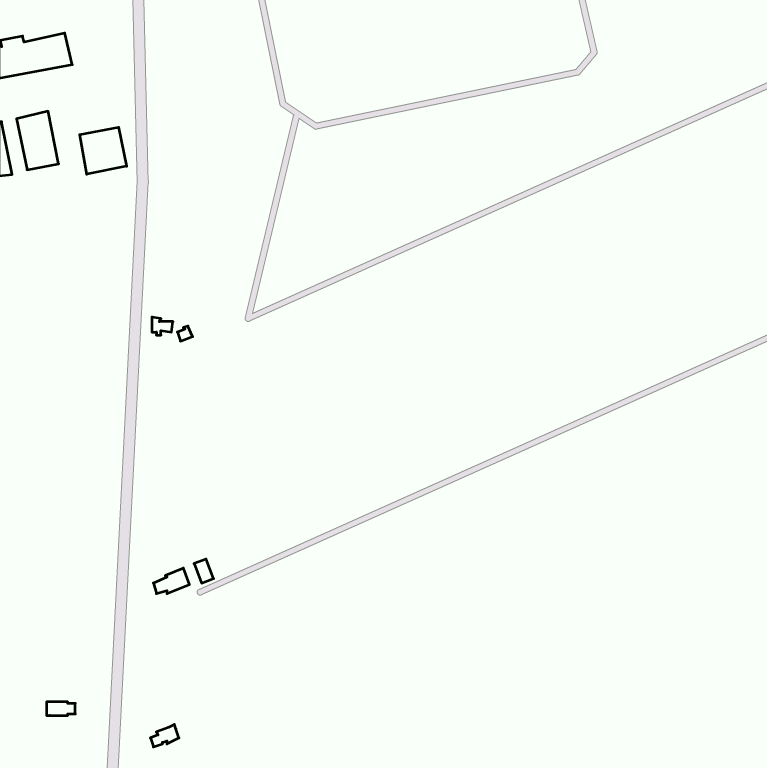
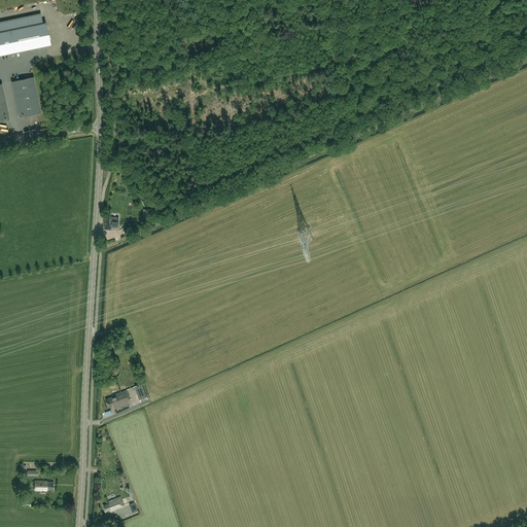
building: [80,127,127,174] -> none

